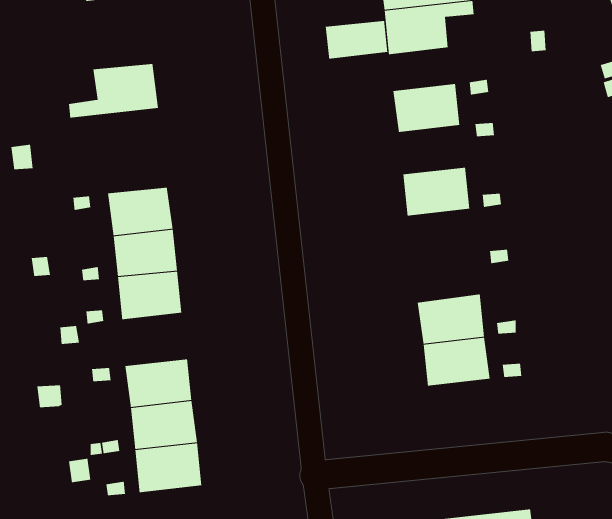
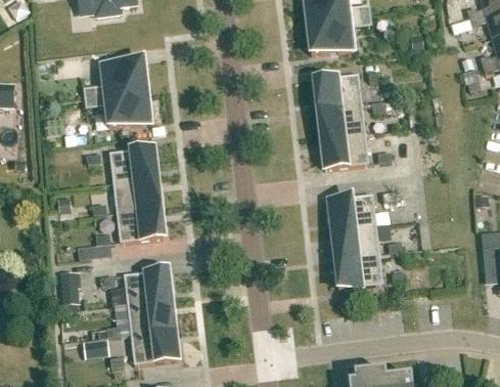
building: [325,20,388,59] -> none
building: none -> [84,90,150,126]
building: none -> [317,102,365,137]
building: none -> [327,192,375,228]

